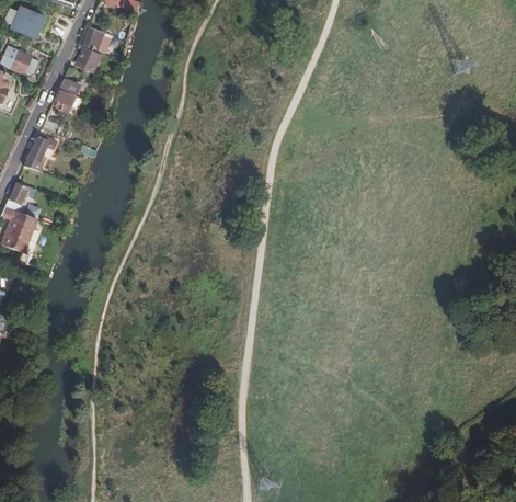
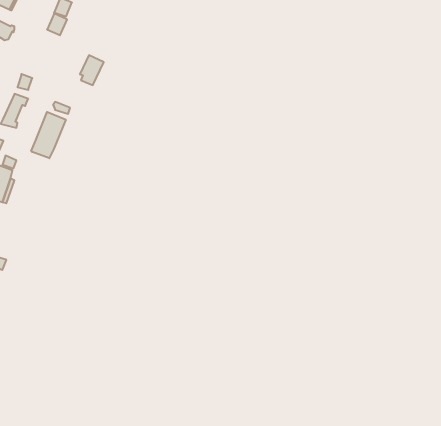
building: [54,78,80,111] -> [80,55,104,85]
building: none -> [31,112,66,158]

